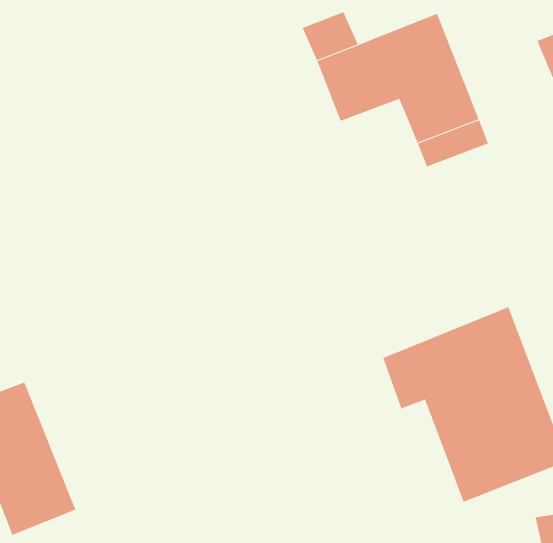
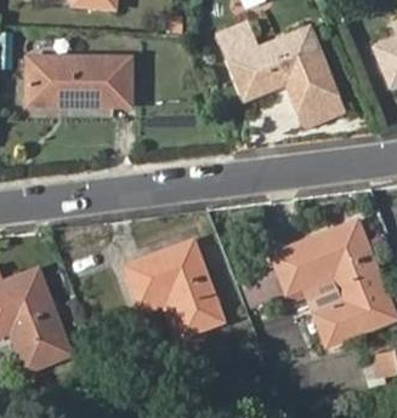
building: none -> [27,55,131,105]
building: none -> [125,239,225,336]

